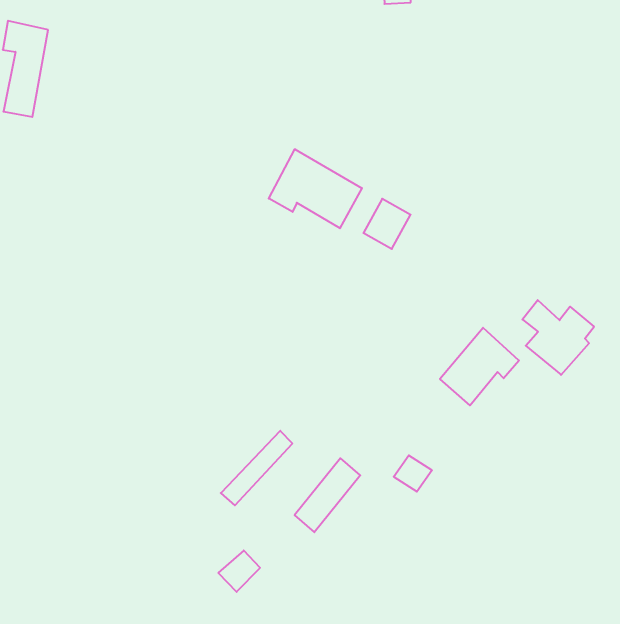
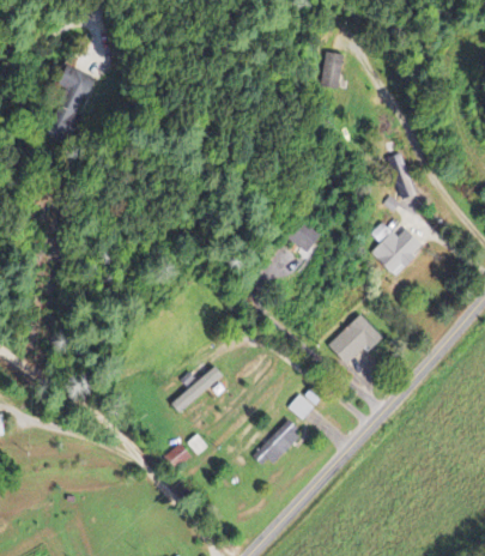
building: [269,149,362,228] -> none
building: [522,300,594,375] -> [371,222,419,274]
building: [295,458,360,532] -> [251,421,299,469]

